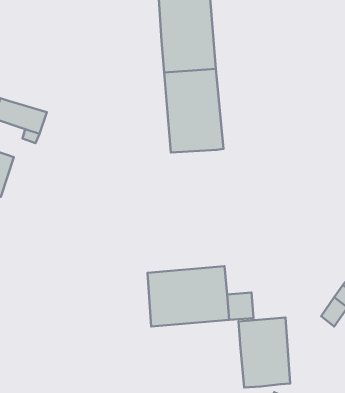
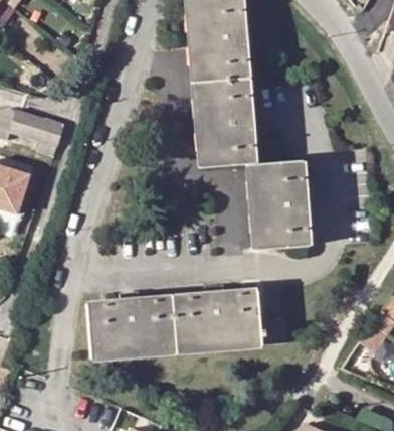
building: none -> [248,160,310,250]
building: none -> [88,296,178,360]
building: [239,318,290,387] -> none

